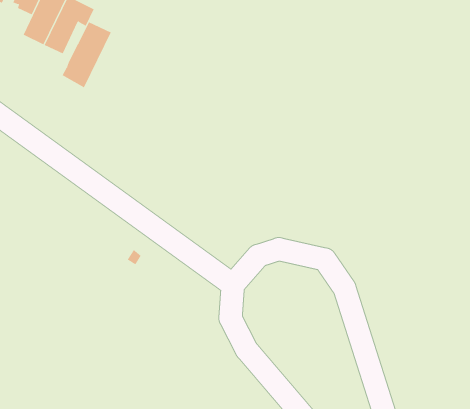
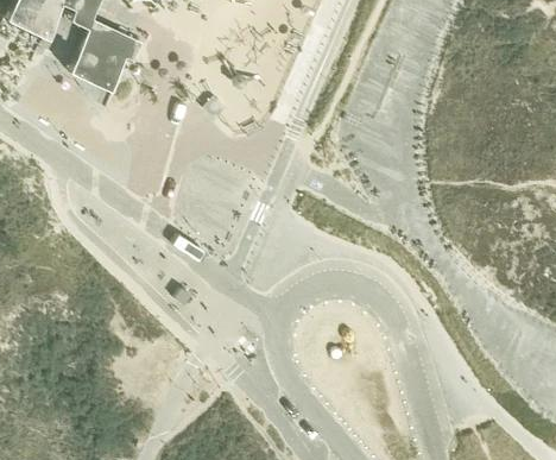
building: [62,21,111,88] -> none

